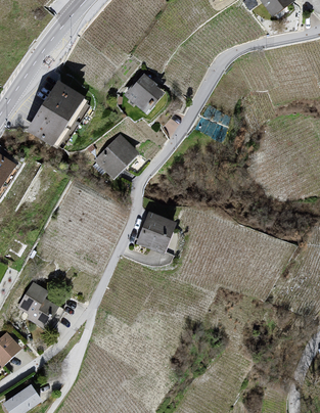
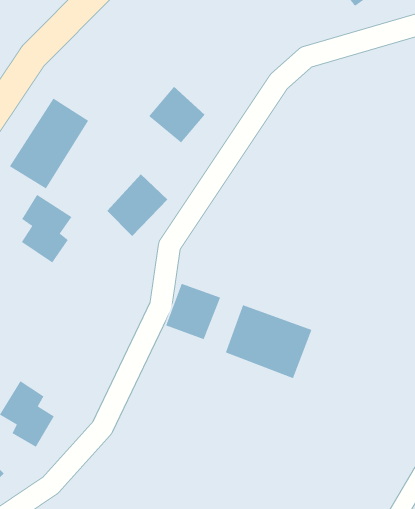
building: none -> [21,194,72,264]
building: none -> [225,304,313,379]

